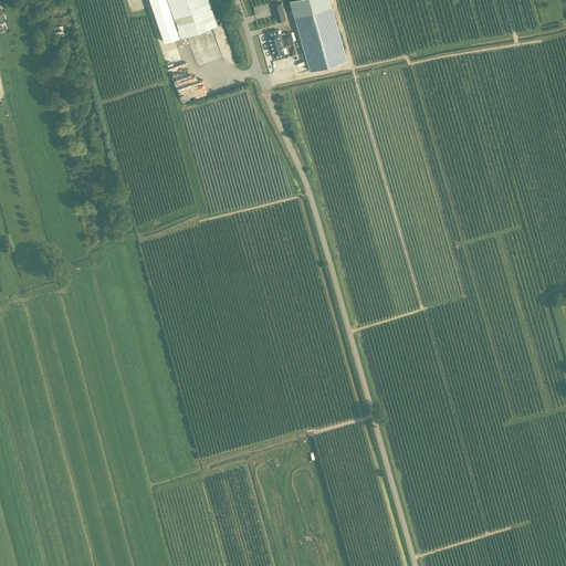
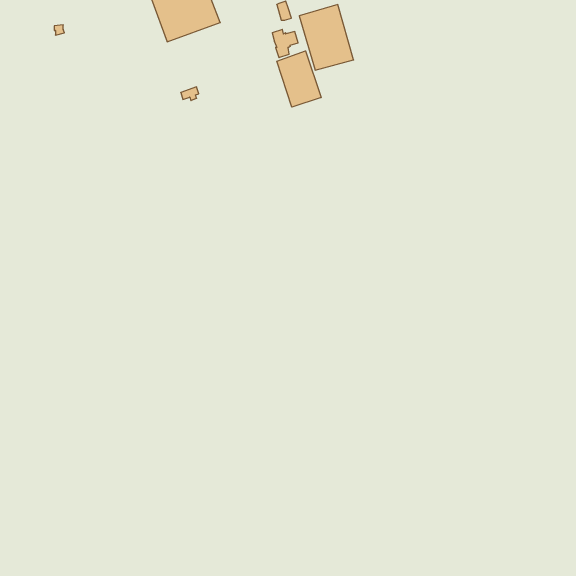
building: none -> [277,51,321,107]

